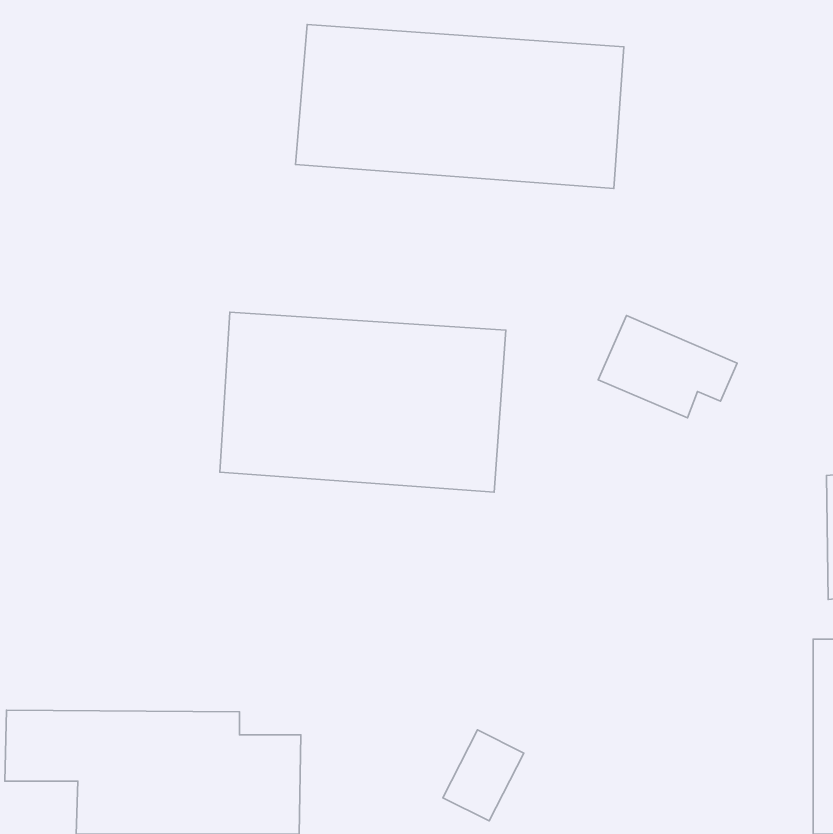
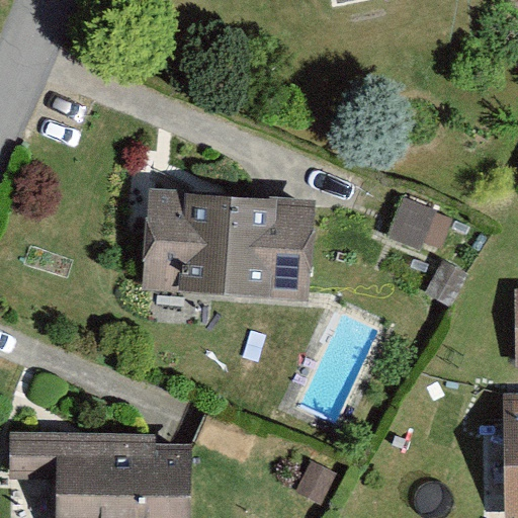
building: [296,24,624,189] -> none

